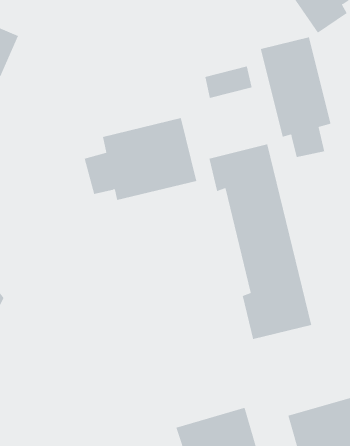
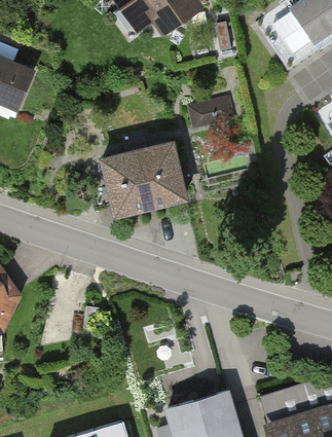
building: [260,37,331,158] -> none
building: [209,143,312,340] -> none

